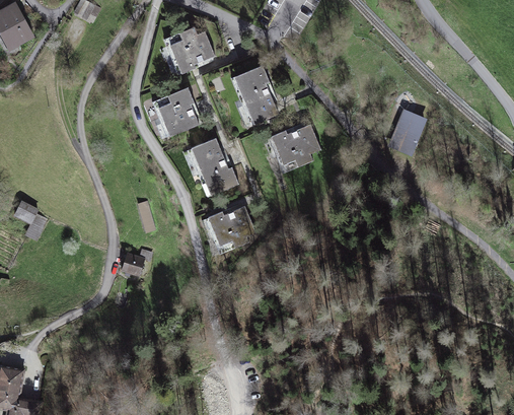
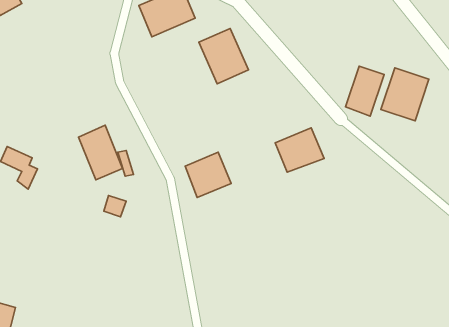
building: [149,87,202,138] -> none
building: none -> [381,68,429,121]
building: [271,122,324,170] -> [275,128,324,172]
building: [188,137,236,197] -> [78,125,123,180]

